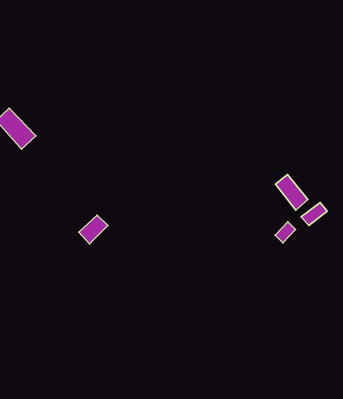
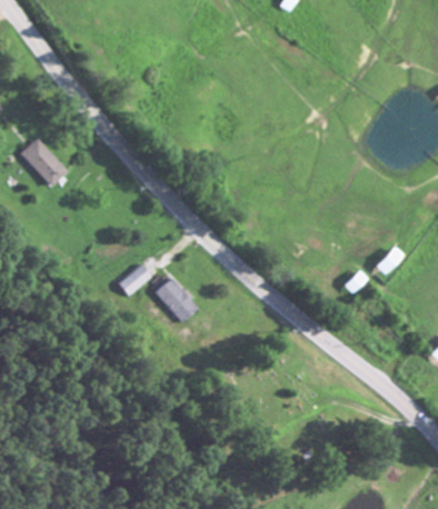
building: [275,175,308,210] -> none
building: none -> [155,278,199,322]

